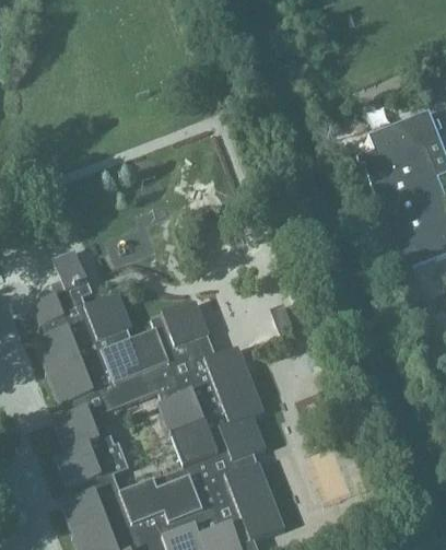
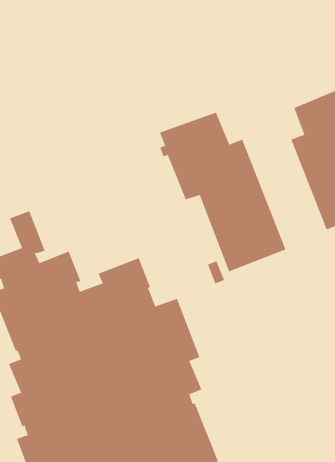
building: none -> [159,112,286,272]

